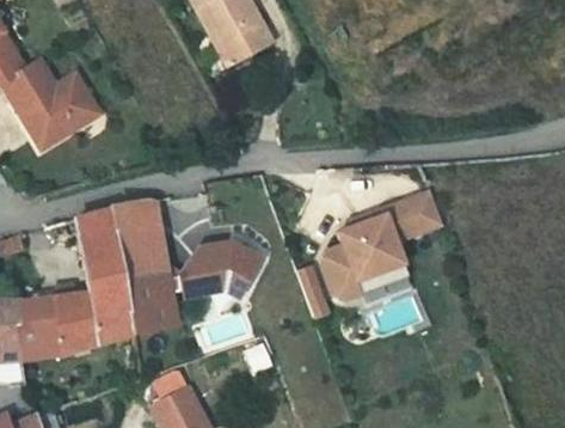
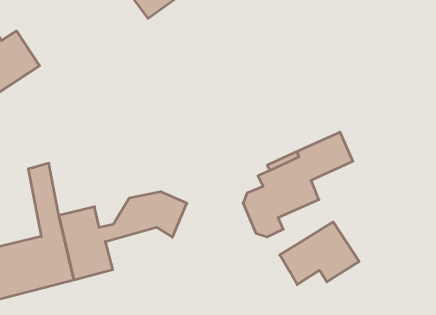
building: [106,203,158,269] -> none
building: none -> [280,222,359,285]

